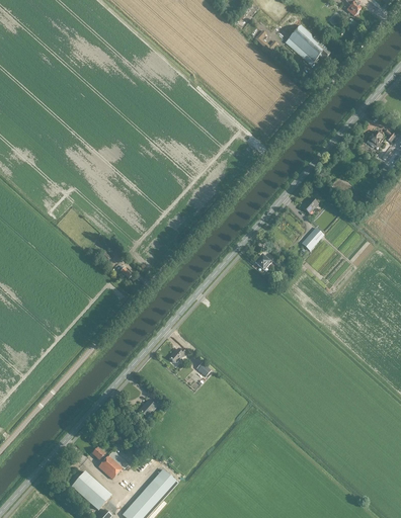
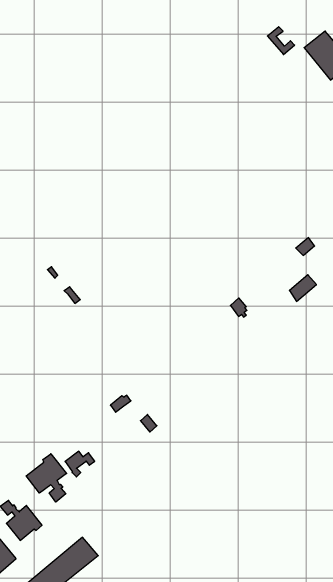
building: none -> [26,454,67,502]

